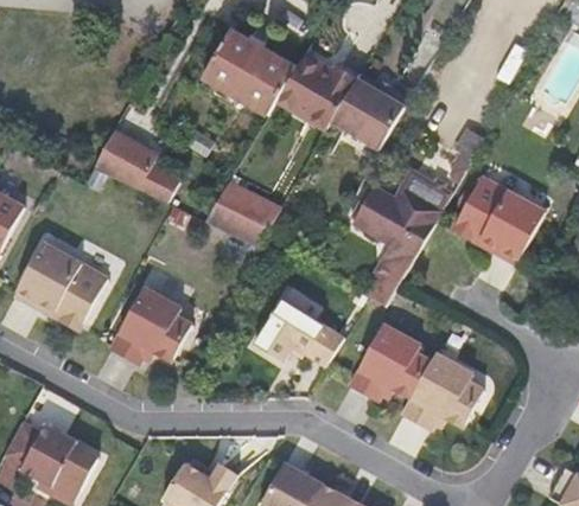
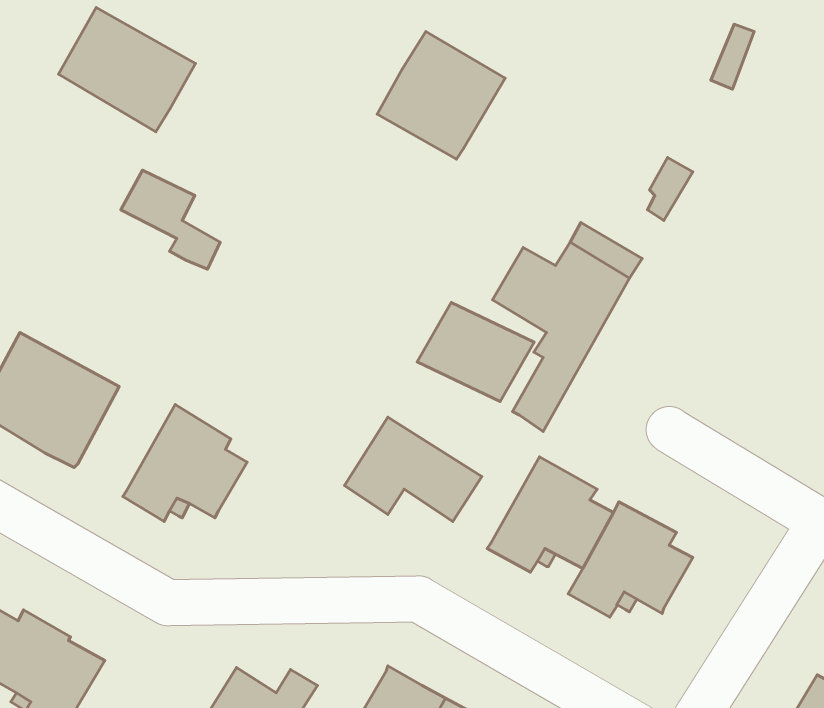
building: [203,32,293,114] -> [58,8,195,132]
building: [333,72,414,148] -> none
building: [452,174,546,263] -> none
building: [204,181,281,246] -> [417,302,534,401]

